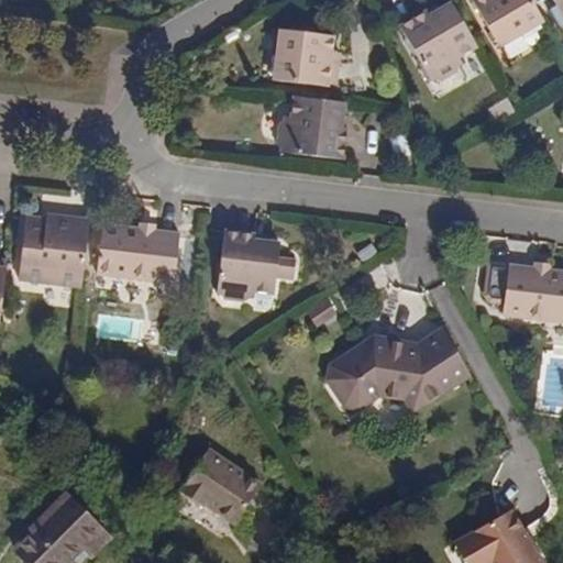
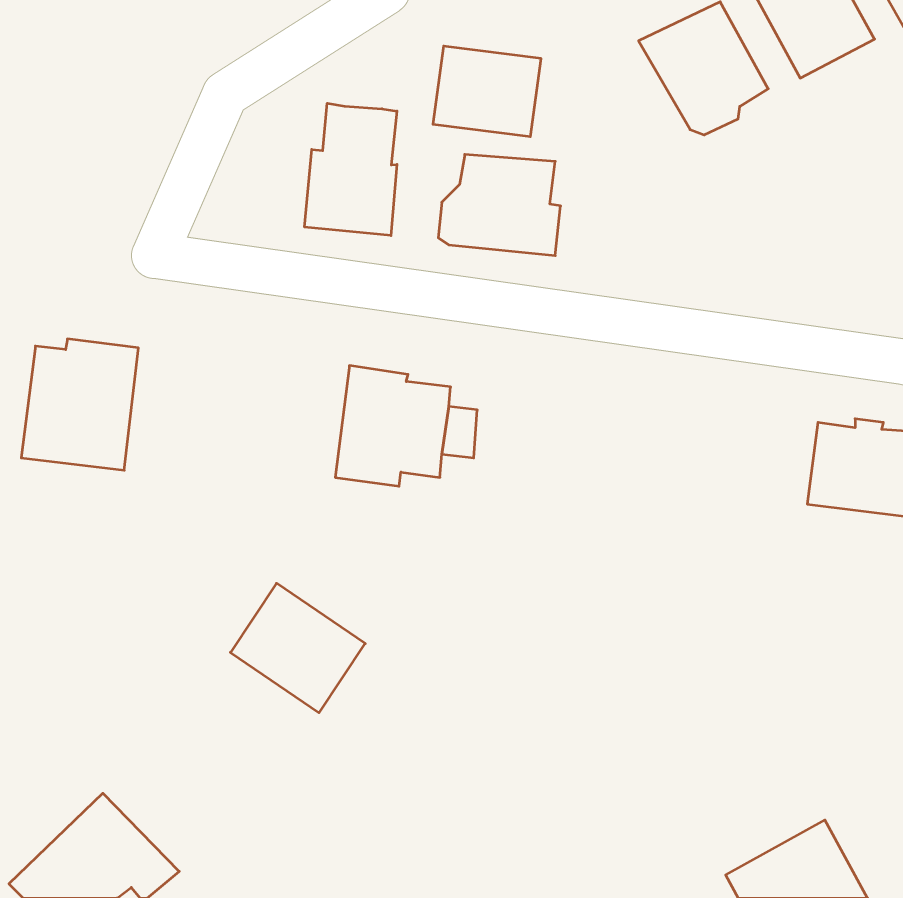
building: none -> [305,103,397,236]
building: [93,221,181,285] -> none
building: [328,329,475,419] -> none
building: [181,439,265,519] -> [230,583,365,713]

